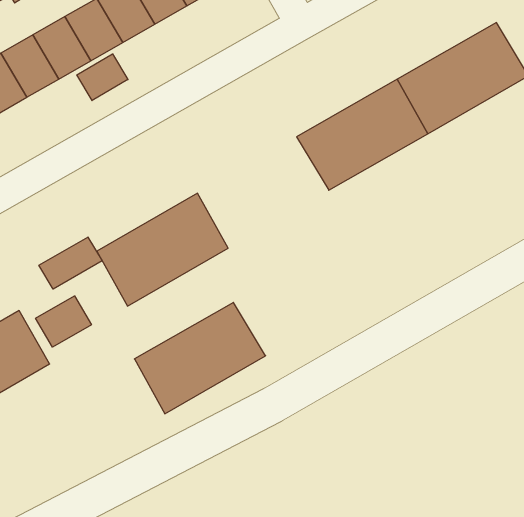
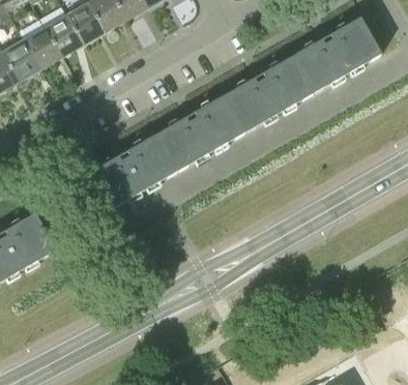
building: [77,54,128,101] -> none
building: [39,237,102,289] -> none
building: [36,296,91,347] -> none
building: [134,302,266,414] -> [156,95,245,171]

